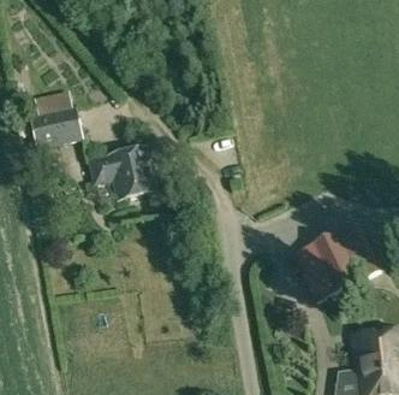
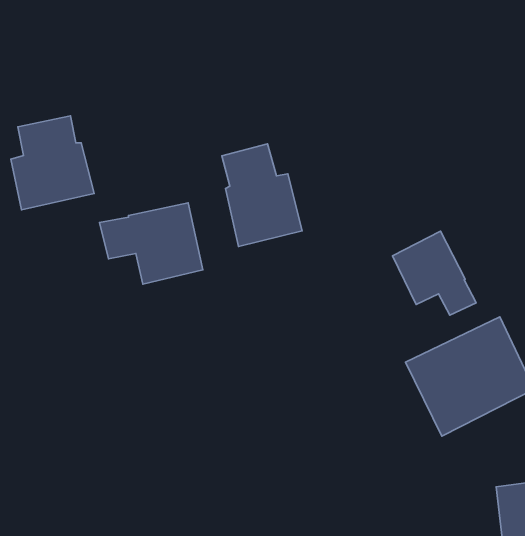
building: none -> [222,144,302,246]
building: none -> [393,231,476,315]

